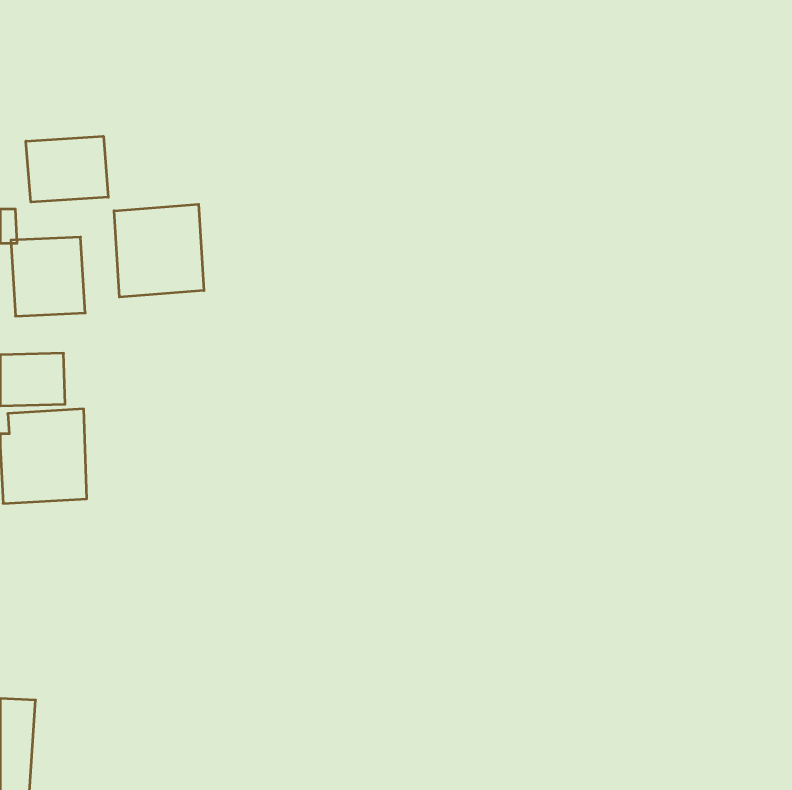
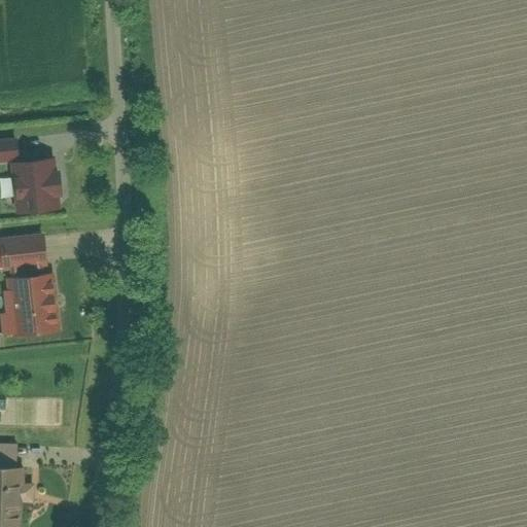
building: [26,136,108,202] -> none
building: [114,204,204,297] -> none

